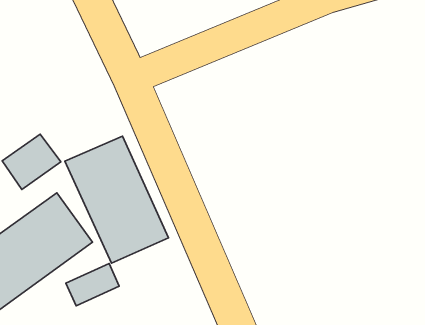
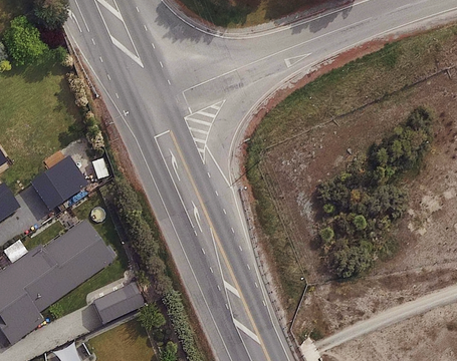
building: [65,136,168,263] -> none

